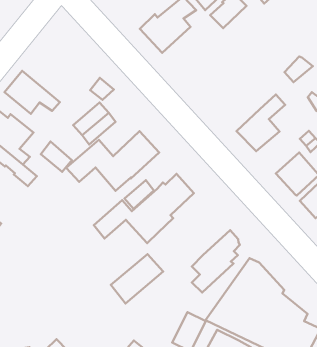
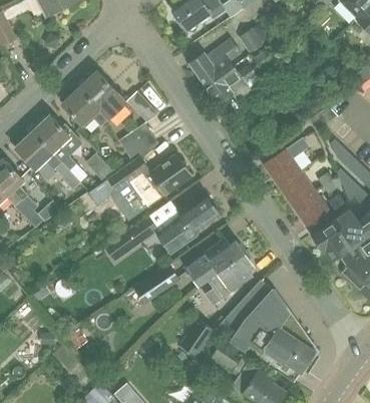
building: none -> [206,65,256,103]
building: none -> [79,70,126,118]
building: none -> [278,169,316,207]
building: none -> [184,241,246,285]

